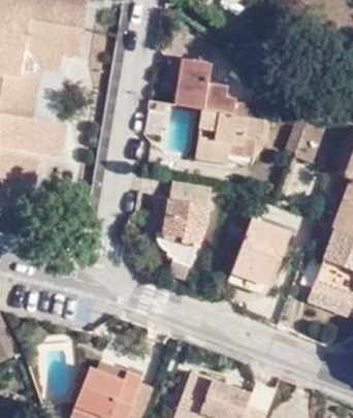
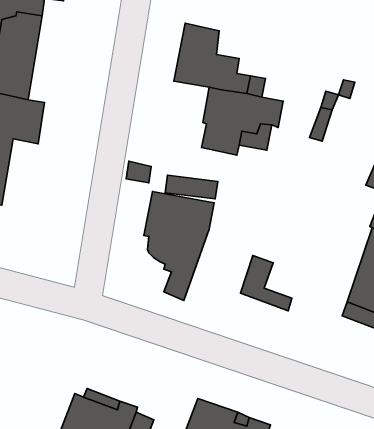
building: [238,218,289,285] -> none

